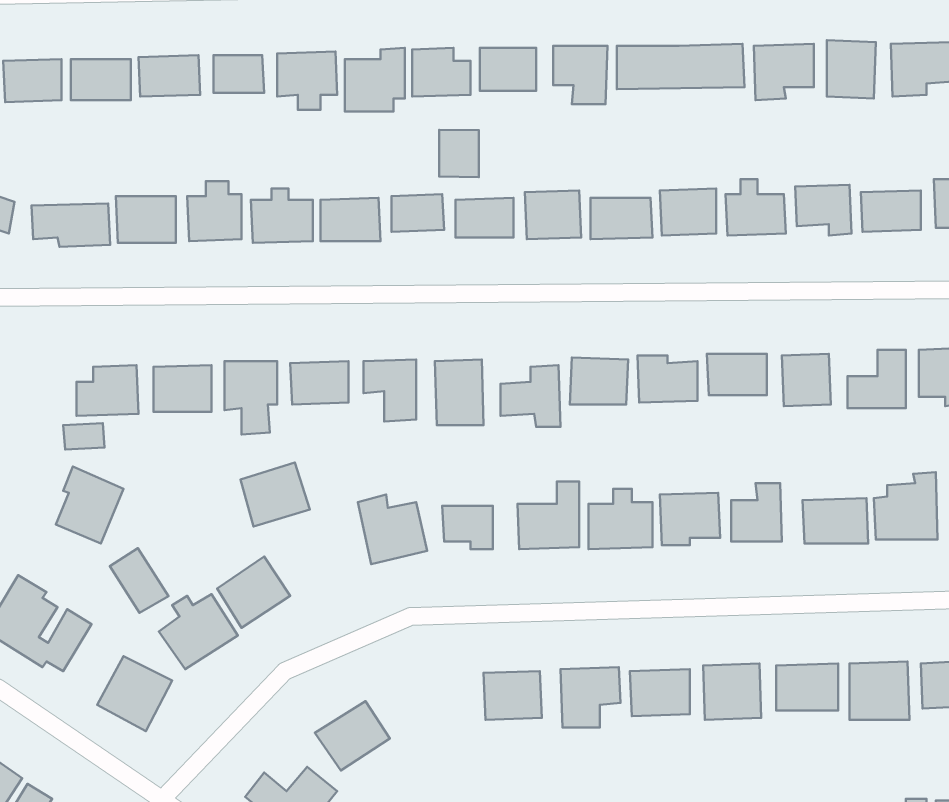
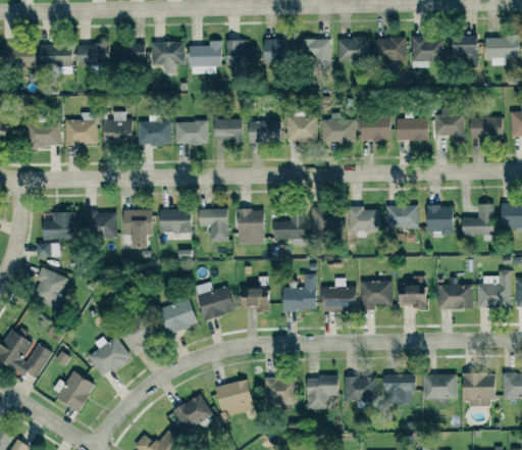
building: [439,130,479,177] -> none
building: [240,463,310,526] -> [160,299,198,334]
building: [110,548,169,613] -> none
building: none -> [216,379,254,416]

